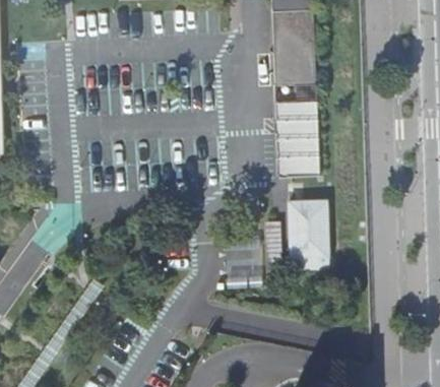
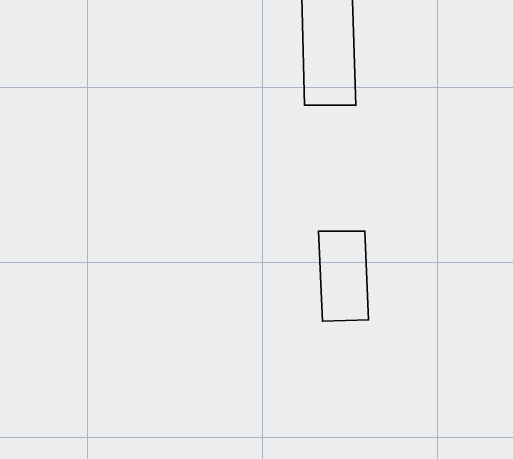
building: [273,106,316,181] -> none

